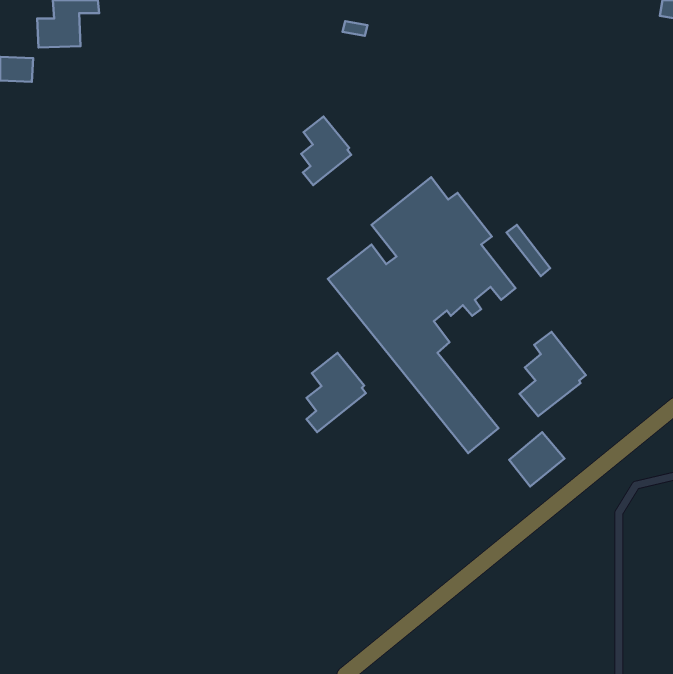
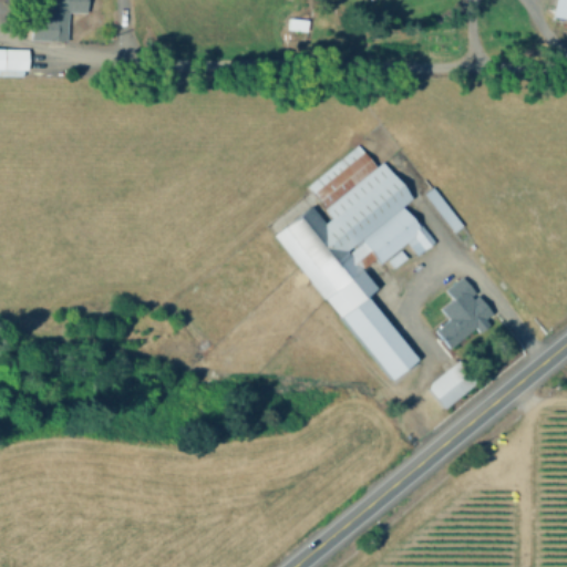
building: [301,116,351,185] -> none
building: [306,353,366,432] -> none

